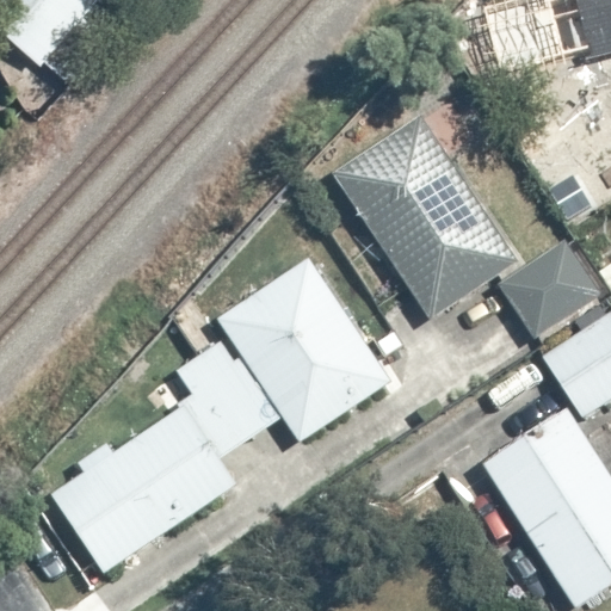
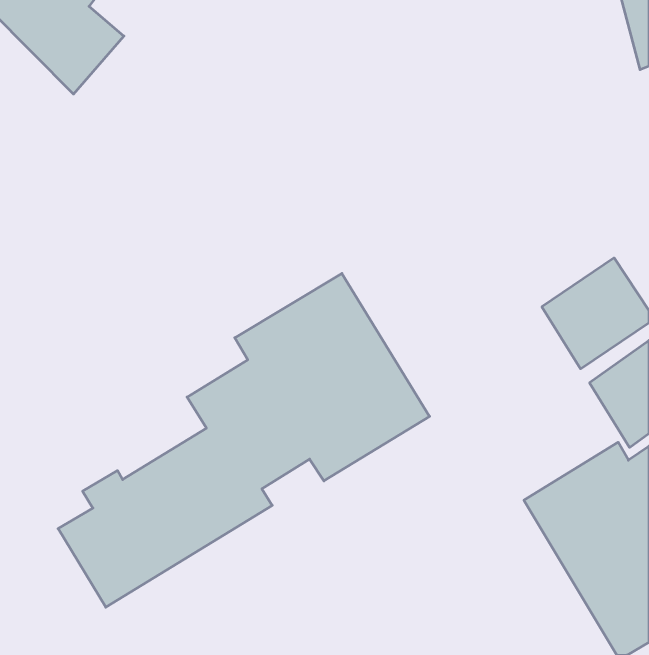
building: [337,116,517,321] -> none

